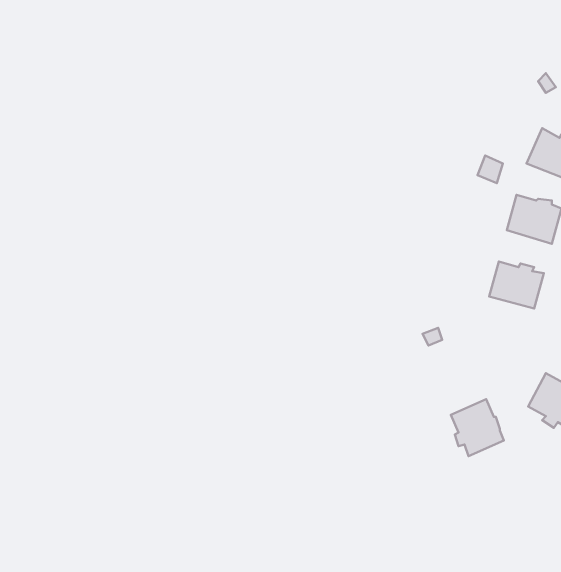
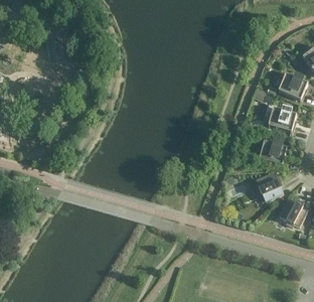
building: [451,399,504,456] -> [256,171,283,200]

